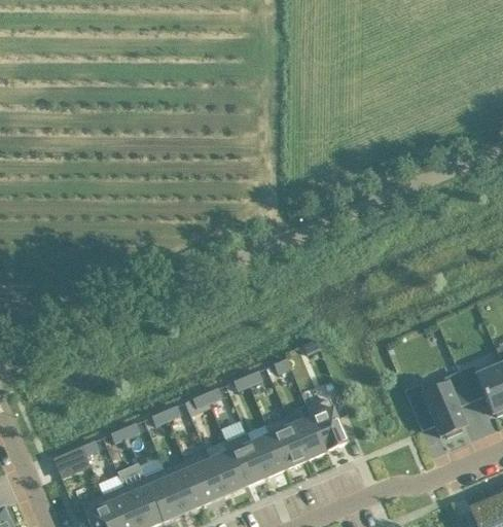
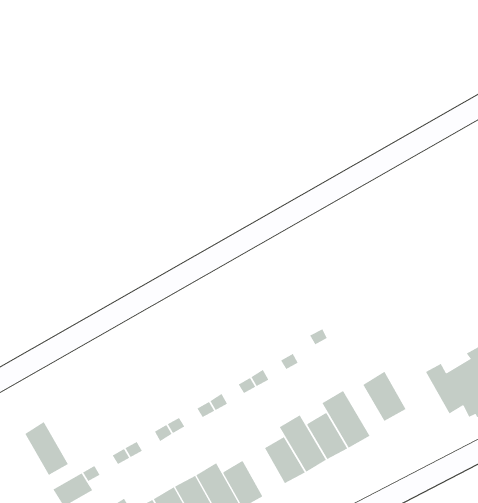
building: none -> [362,371,412,432]
building: none -> [25,421,75,488]
building: [222,424,265,487] -> none

